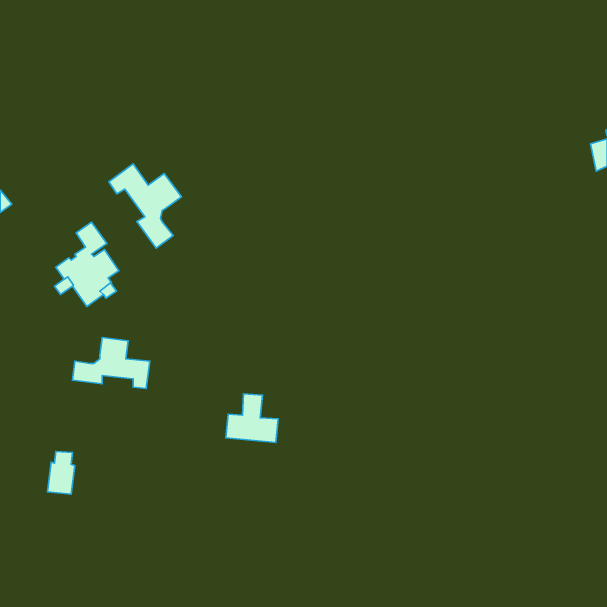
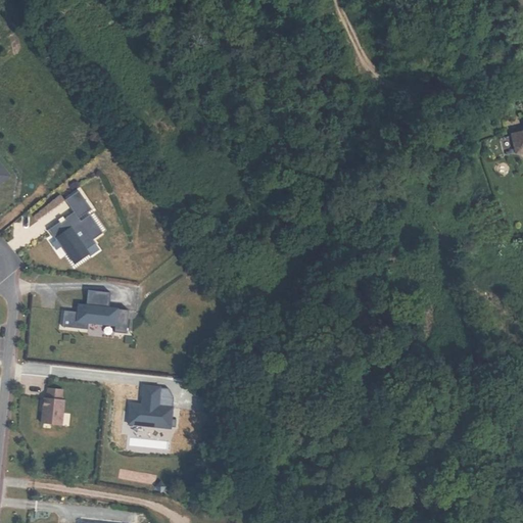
building: [109,164,181,248] -> none
building: [226,394,278,443] -> [128,386,173,428]

